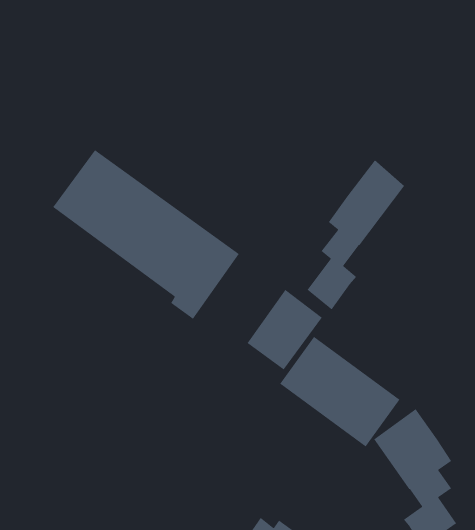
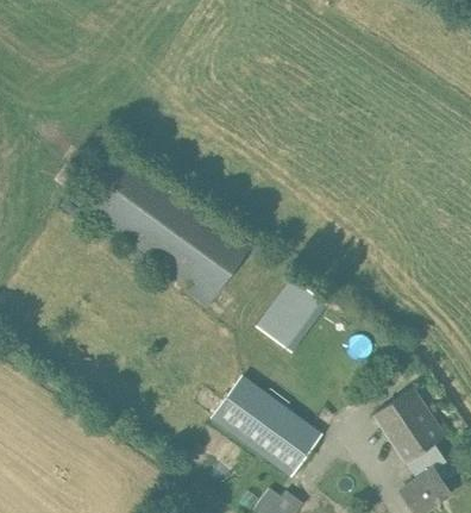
building: [307,159,405,310] -> none
building: [279,336,401,447] -> [212,374,324,476]

